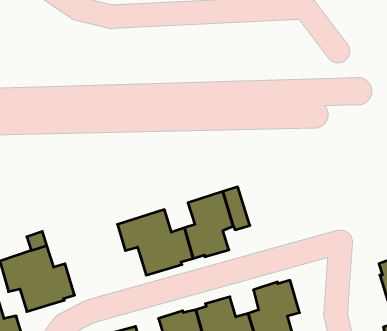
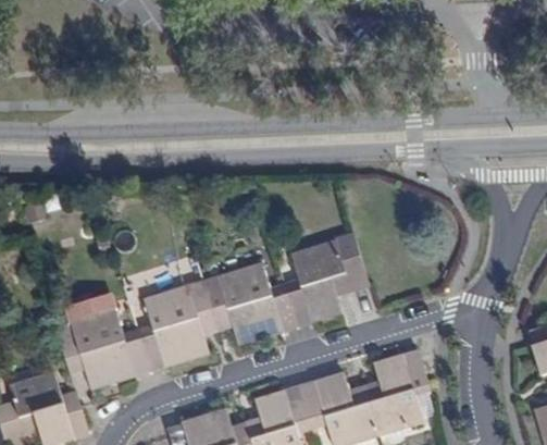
building: none -> [138,282,213,370]

